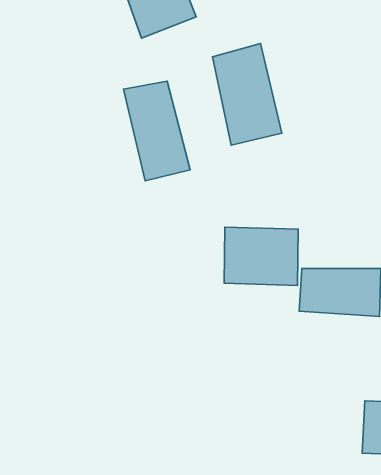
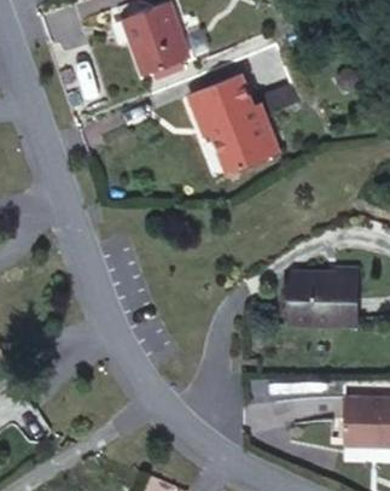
building: [124,81,190,181] -> none
building: [224,227,298,285] -> none

